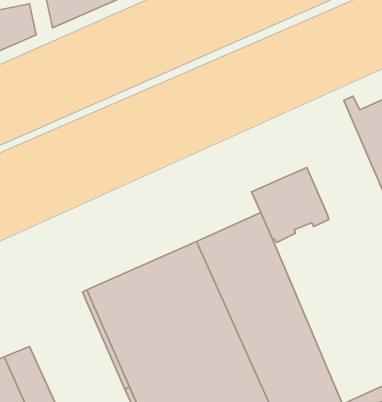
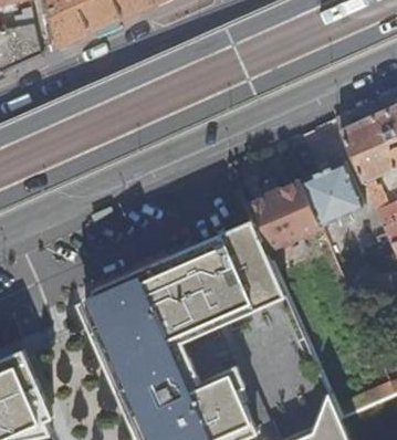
building: none -> [300,161,365,226]

